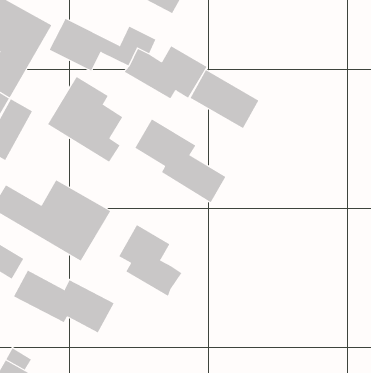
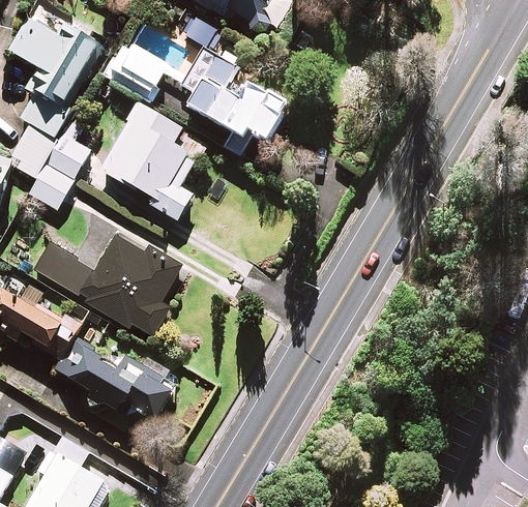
building: [190,69,259,129] -> none
building: [134,118,226,203] -> none
building: [119,224,182,297] -> none

